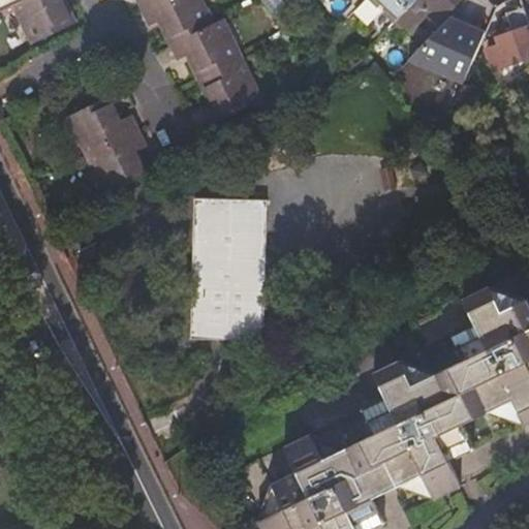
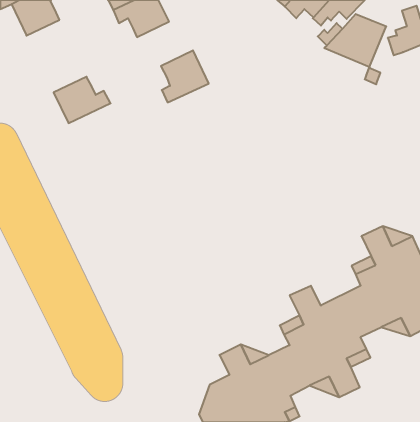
building: [173,23,244,83] -> none
building: [88,129,149,193] -> none
building: [192,200,267,342] -> none

